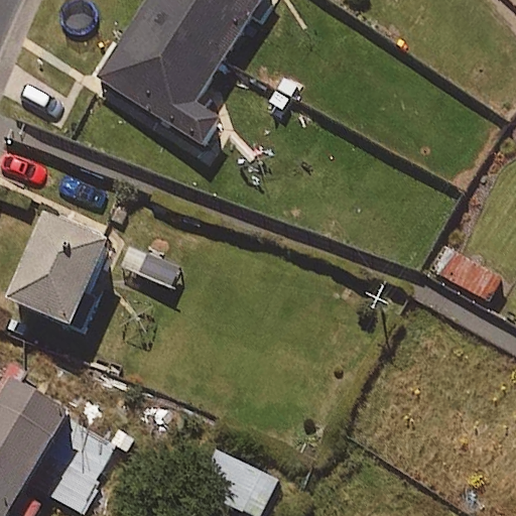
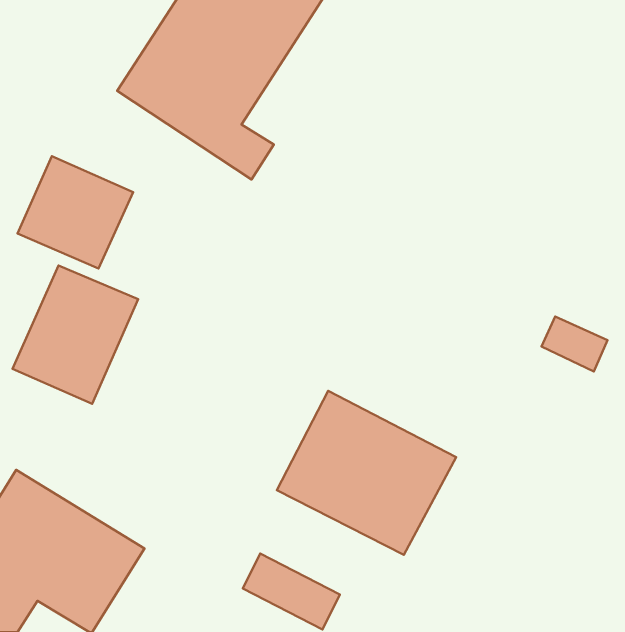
building: none -> [18,156,133,268]
building: none -> [277,391,456,555]

